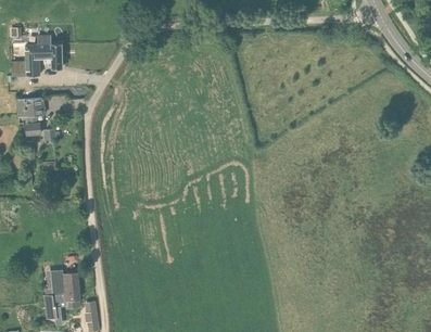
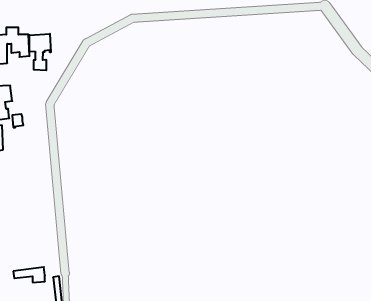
building: none -> [29,34,51,70]
building: [46,271,78,296] -> none

